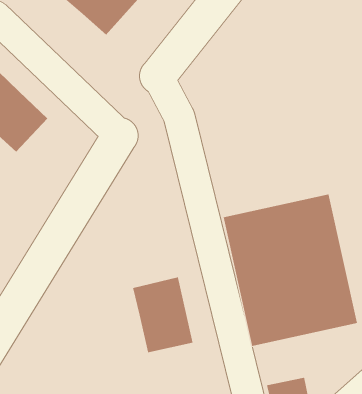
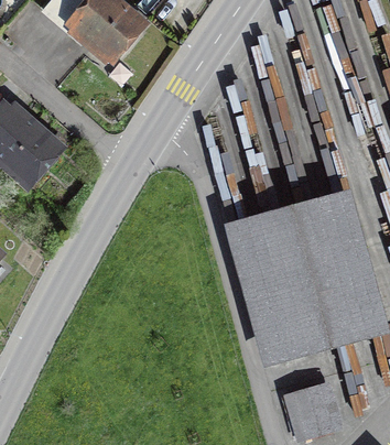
building: [133,277,193,353] -> none

